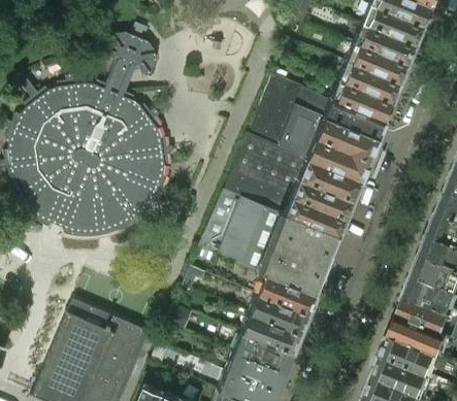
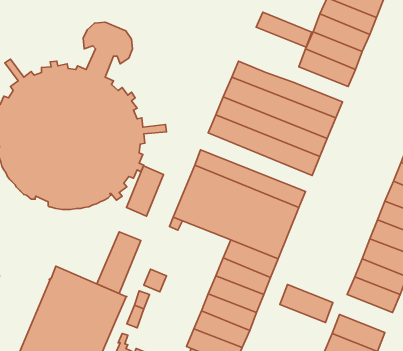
building: [332,81,393,120] -> [256,12,312,47]
building: [232,154,354,218] -> none
building: none -> [126,166,164,216]
building: none -> [97,232,141,294]
building: [384,330,442,371] -> [280,285,333,322]

